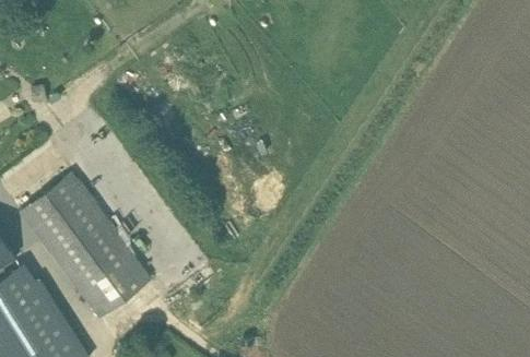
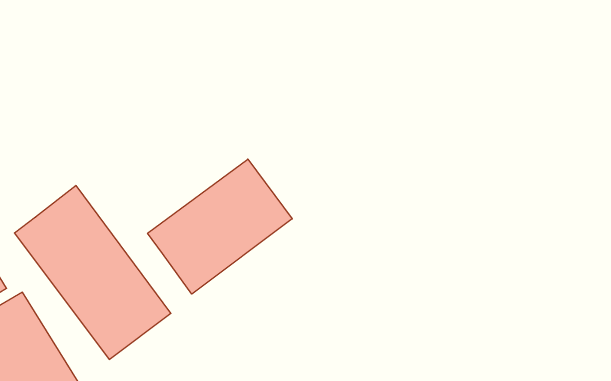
building: none -> [148,159,292,294]

